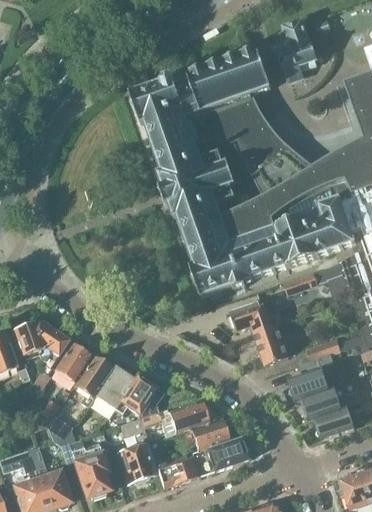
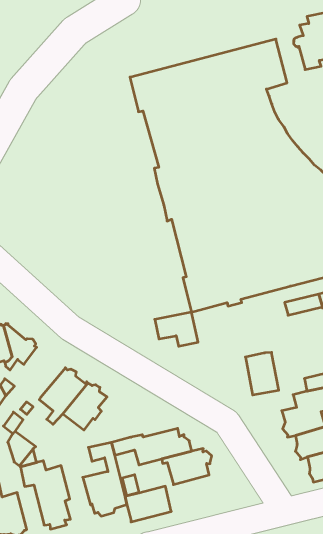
building: [230,303,270,334] -> [155,312,198,346]
building: [53,342,94,384] -> none
building: [115,375,157,415] -> none
building: [191,437,249,476] -> none

